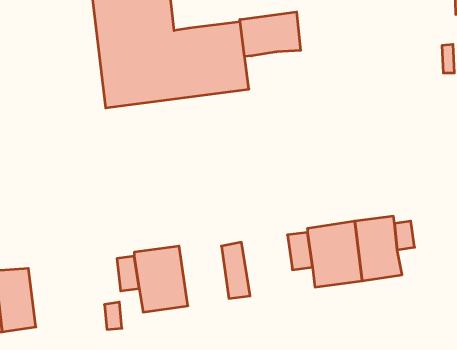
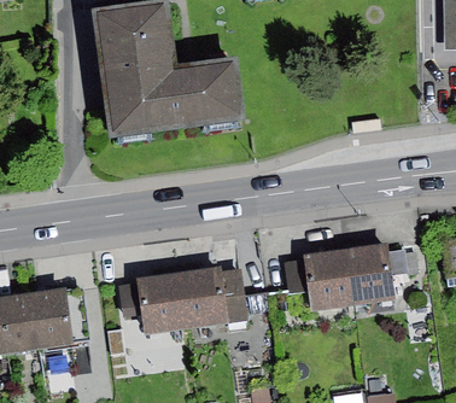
building: [240,12,301,57] -> none
building: none -> [179,267,227,329]
building: none -> [33,286,88,350]

